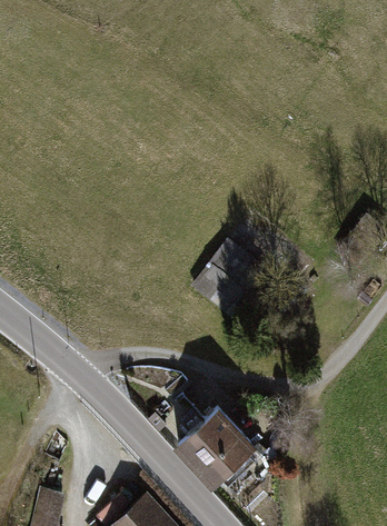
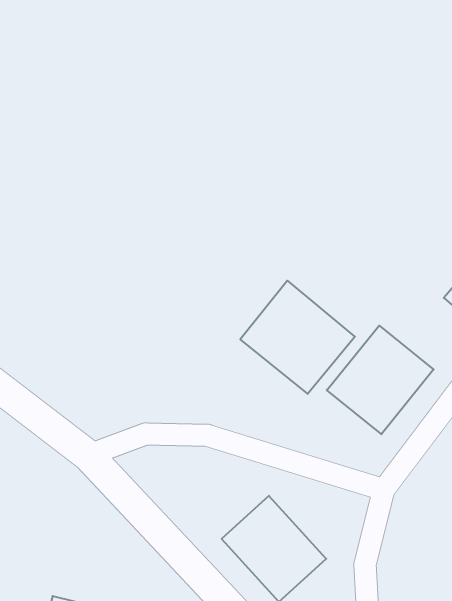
building: none -> [327,326,434,434]

